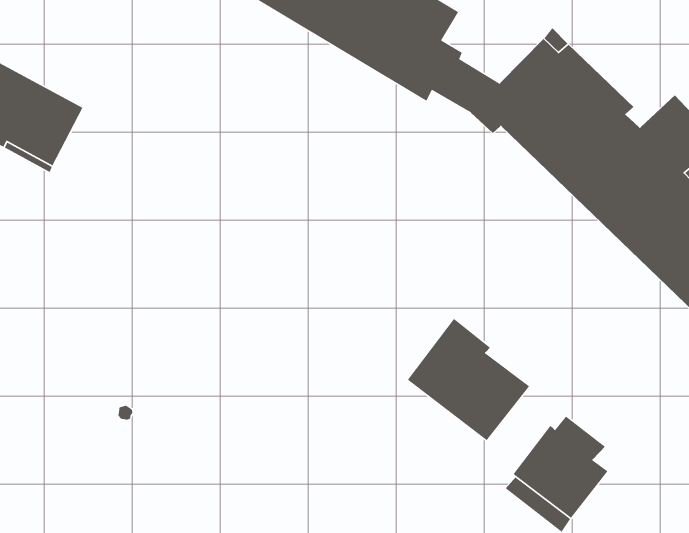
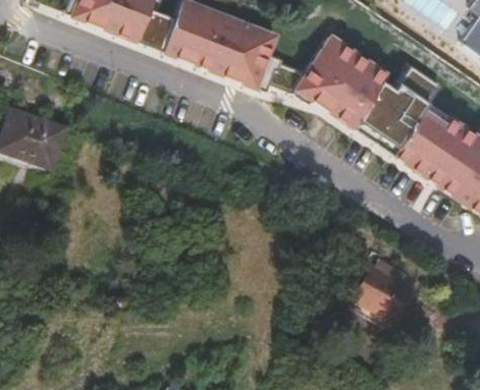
building: [407,318,530,441] -> none

